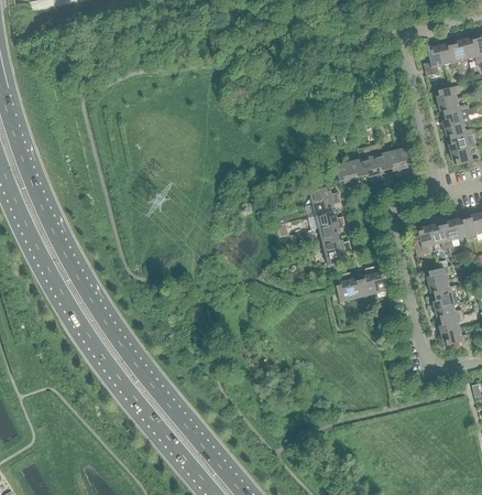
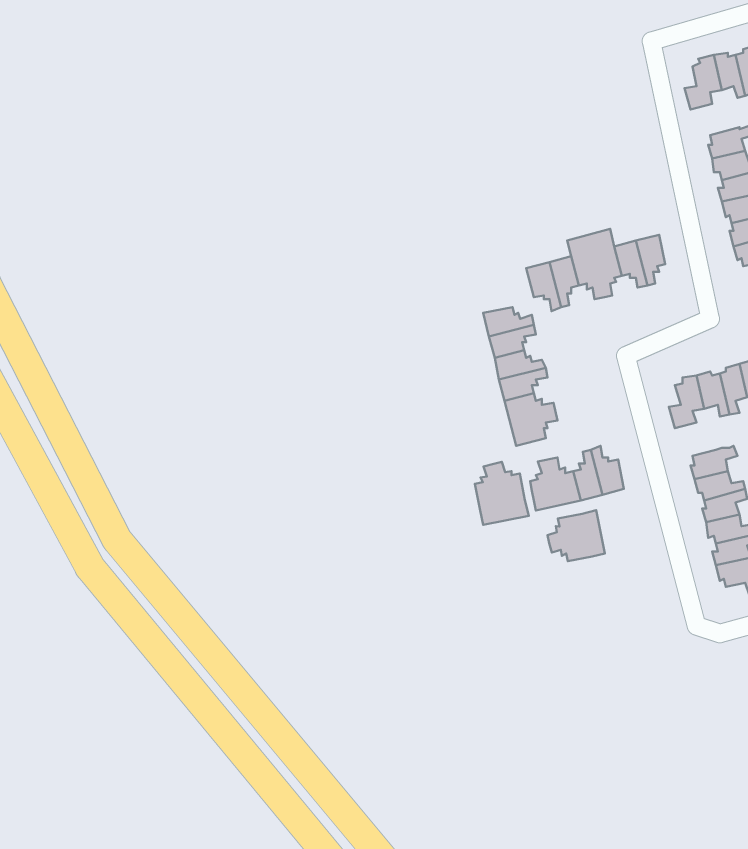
building: none -> [475,462,529,525]
building: none -> [548,510,605,561]

